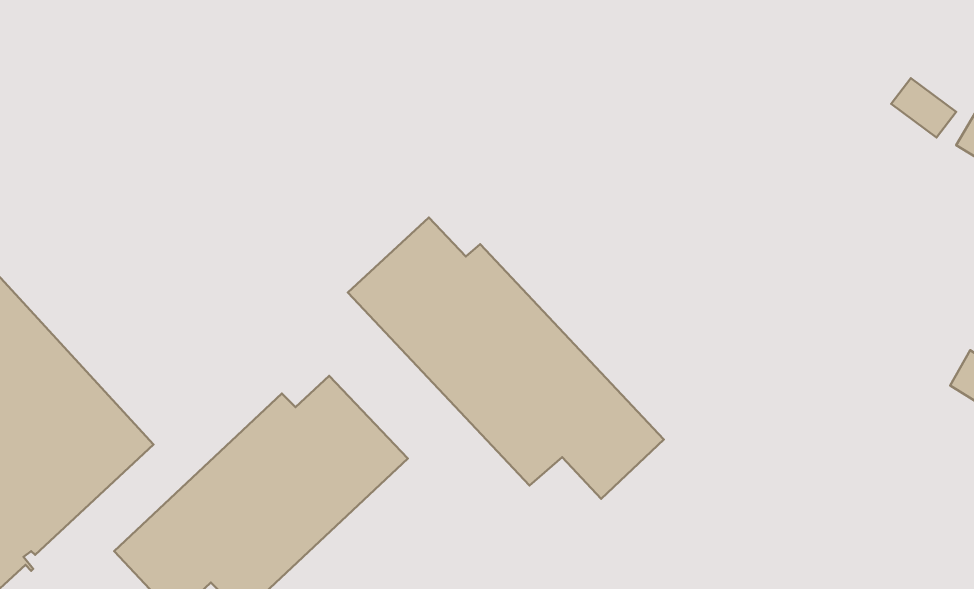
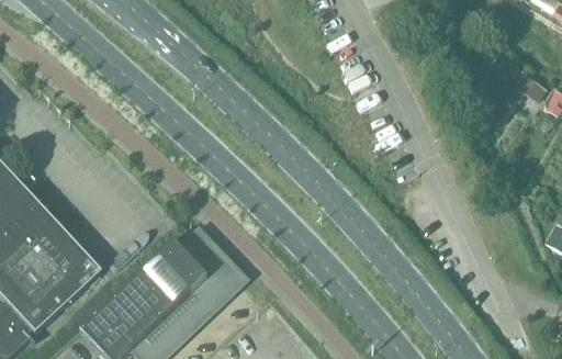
building: [348,217,664,499] -> none

